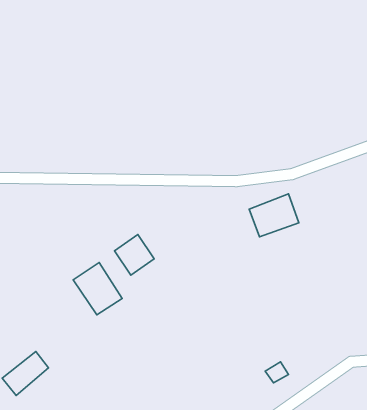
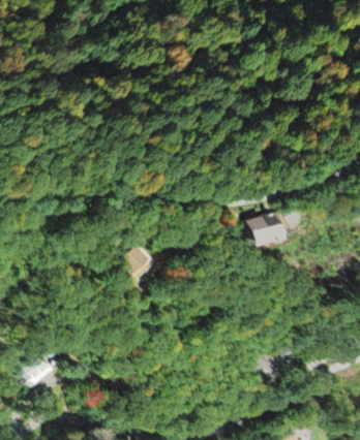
building: [73,263,122,315] -> none

